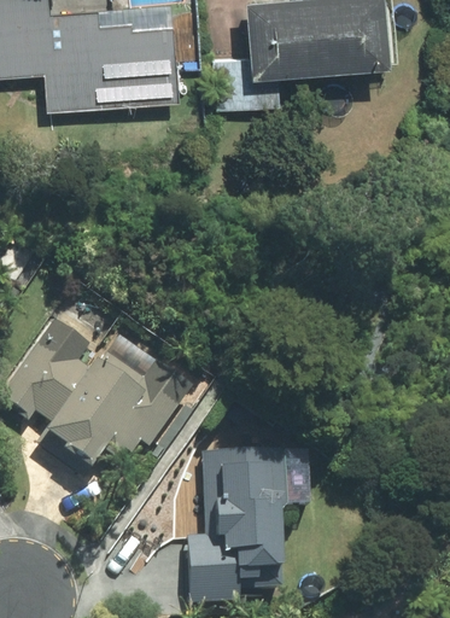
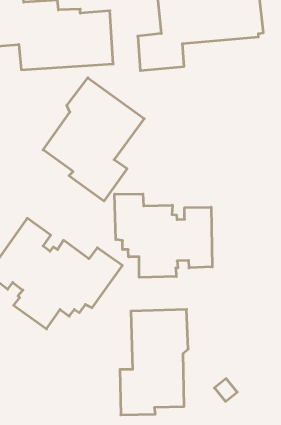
building: none -> [43,78,144,201]
building: none -> [115,194,212,277]

